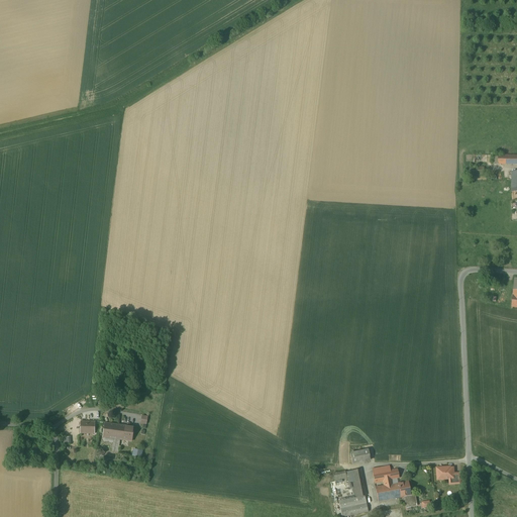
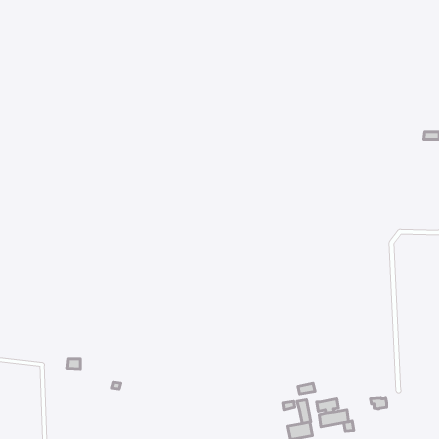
building: [101,422,132,440] -> none

